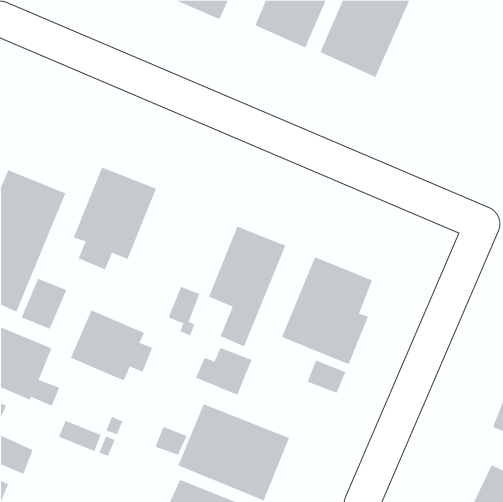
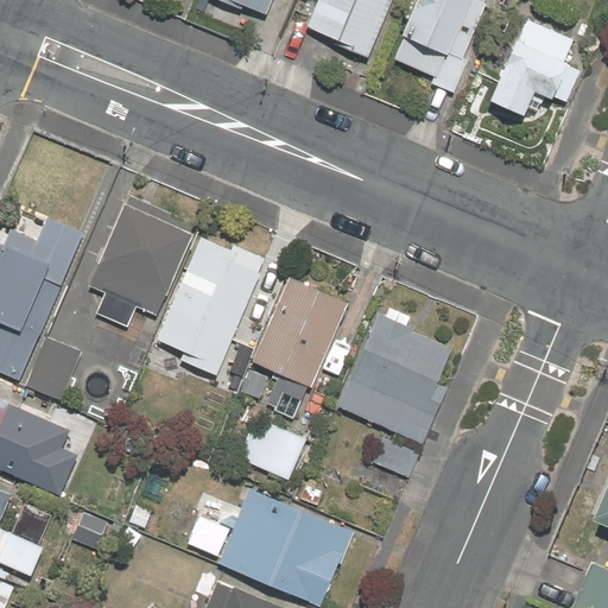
building: none -> [482,19,583,126]
building: none -> [160,234,262,348]
building: [70,310,153,381] -> none

